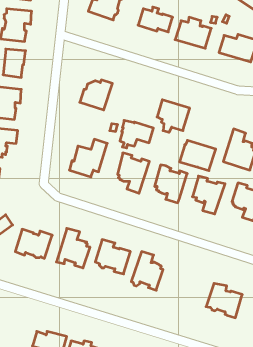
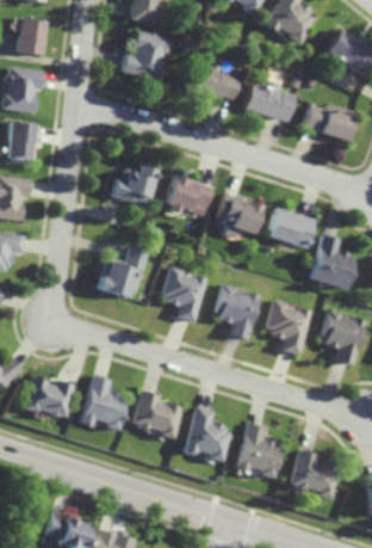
building: [120,120,153,148] -> [167,177,213,215]
building: [180,140,216,171] -> [267,208,317,250]
building: none -> [232,420,278,475]

